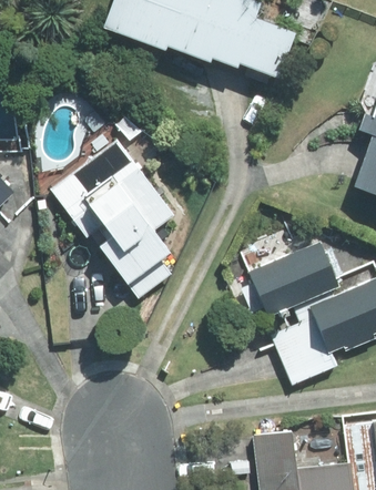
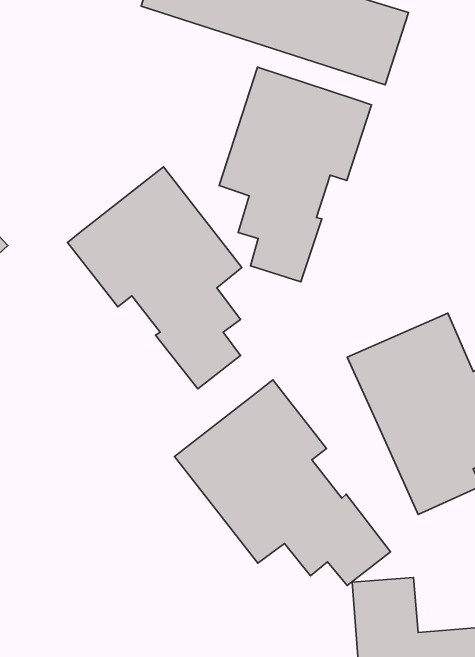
building: none -> [219,67,372,282]
building: none -> [174,380,390,586]

